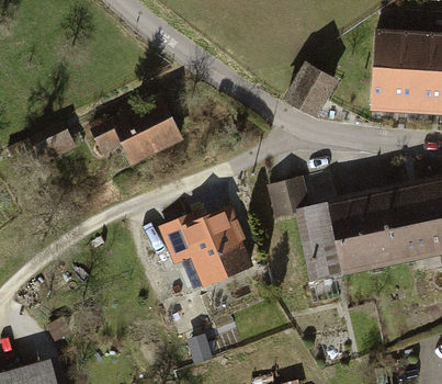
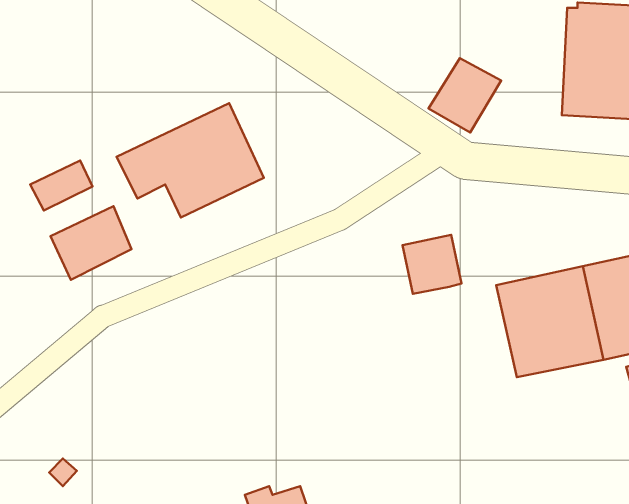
building: none -> [51,206,132,280]
building: [162,203,248,283] -> none
building: [301,205,343,275] -> none

